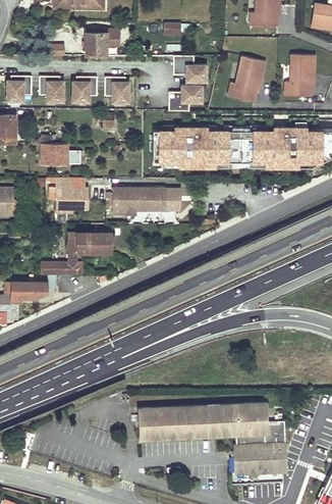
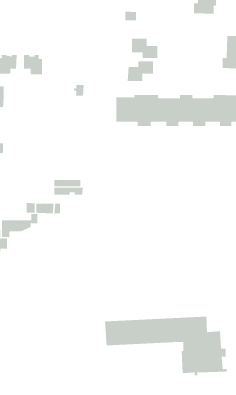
building: [86,29,118,55] -> none
building: [227,56,265,101] -> none
building: [71,77,96,102] -> none
building: [104,77,128,102] -> none
building: [41,145,77,163] -> none
building: [50,177,89,211] -> none
building: [106,186,179,214] -> none

